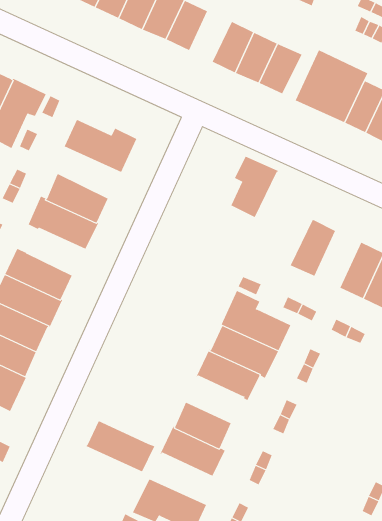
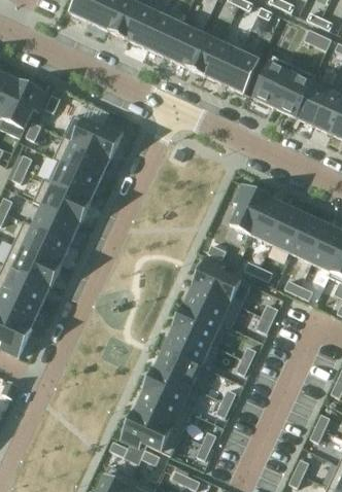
building: none -> [167,24,202,66]
building: none -> [53,136,110,179]
building: [230,156,279,218] -> [230,183,270,235]
building: none -> [32,204,80,243]
building: none -> [271,206,309,253]
building: none -> [164,326,212,365]
building: [85,420,155,472] -> [134,390,192,433]

